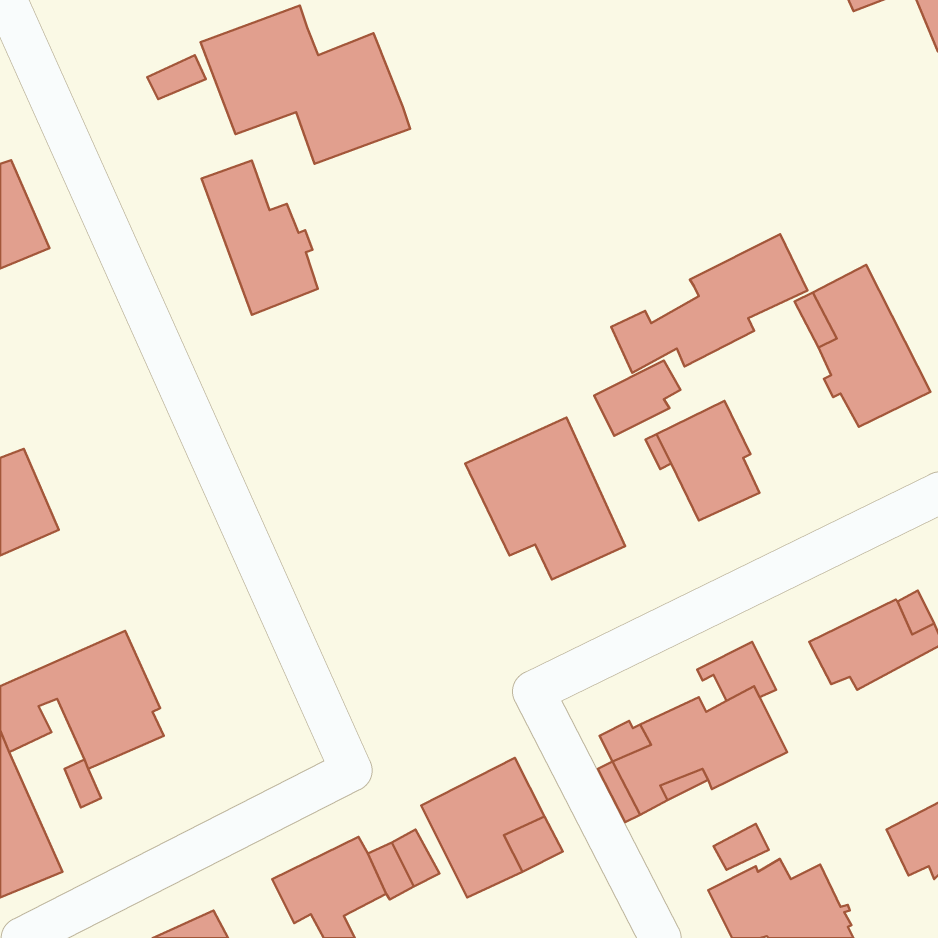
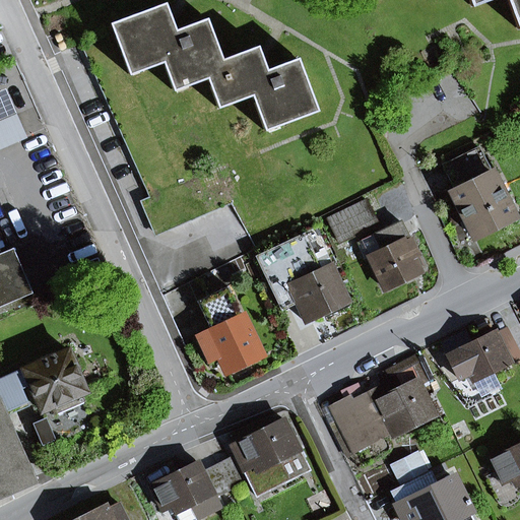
building: none -> [208,46,318,130]
building: [201,161,318,315] -> none
building: [611,234,807,373] -> none
building: none -> [198,285,261,370]

